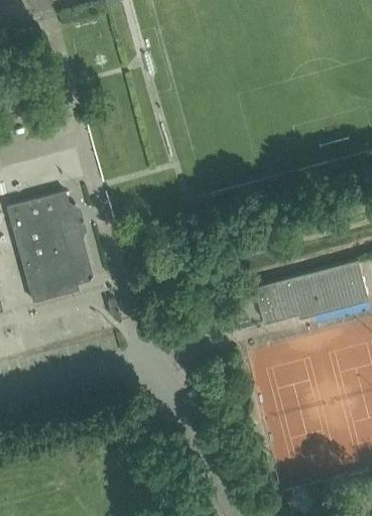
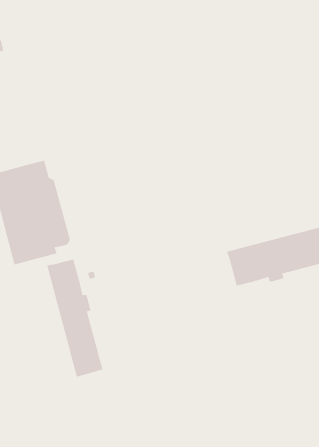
building: none -> [46,258,103,377]

